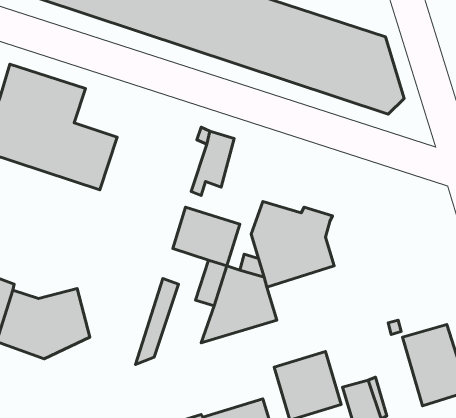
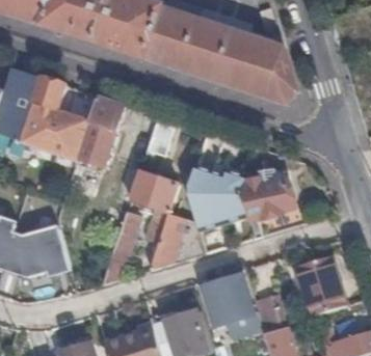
building: none -> [65,93,125,197]
building: none -> [240,177,301,237]

